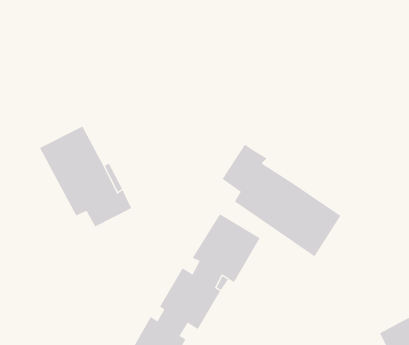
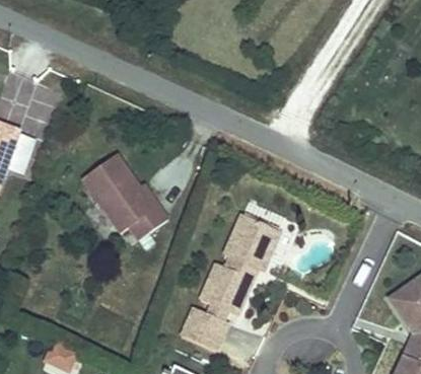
building: [222,144,341,257] -> none

